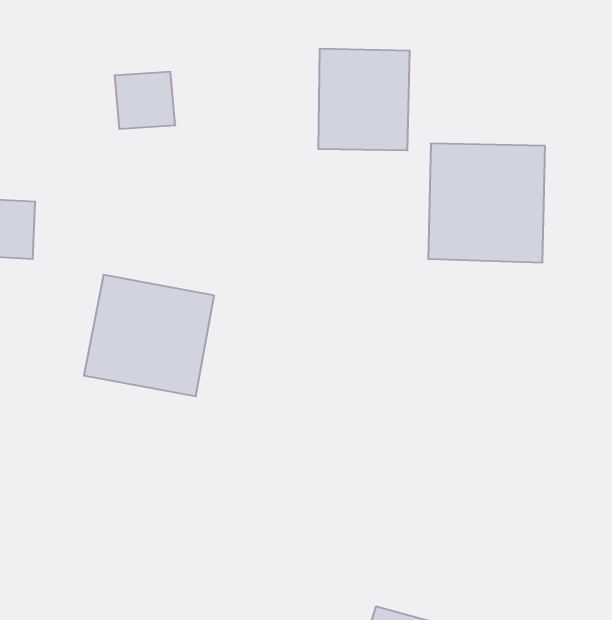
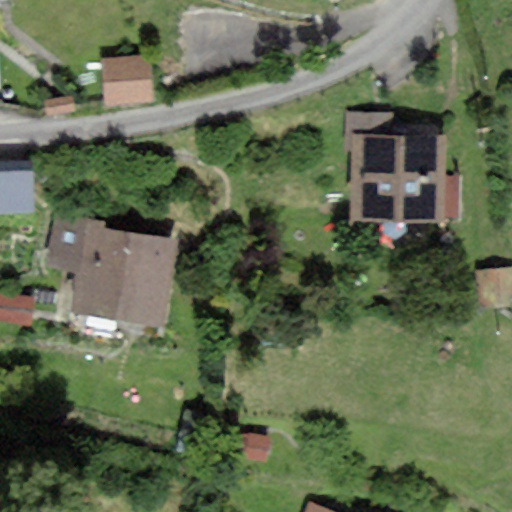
building: [318,49,410,151] -> none

